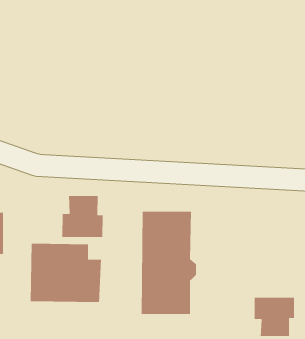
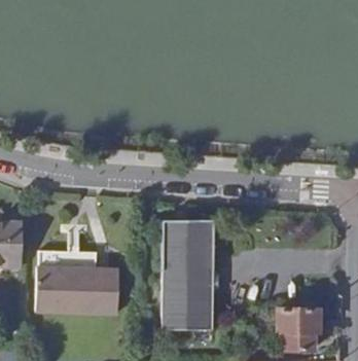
building: [62,195,103,238] -> none

